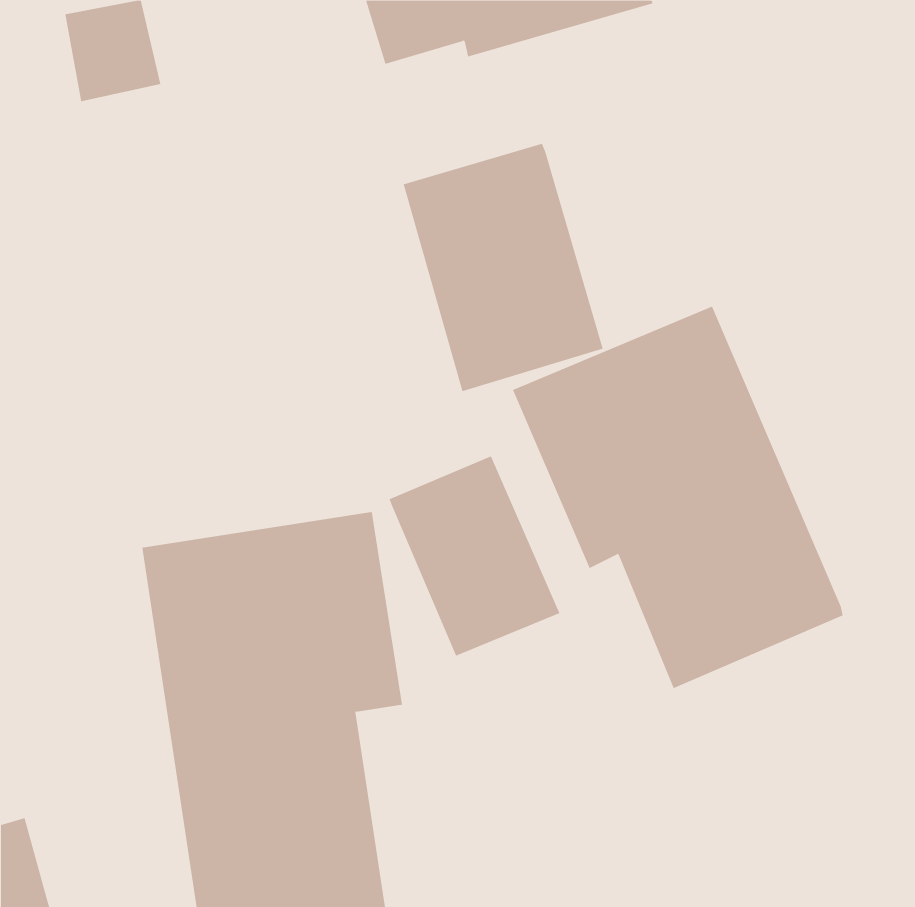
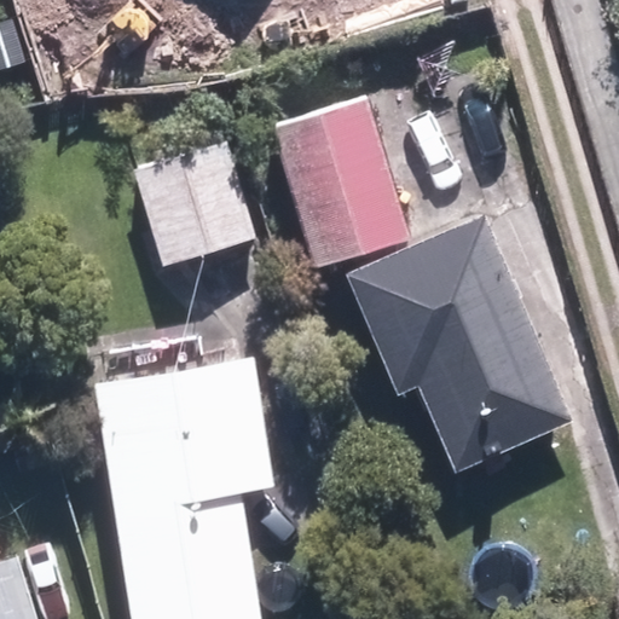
building: none -> [137,144,255,267]
building: [389,455,560,656] -> none

